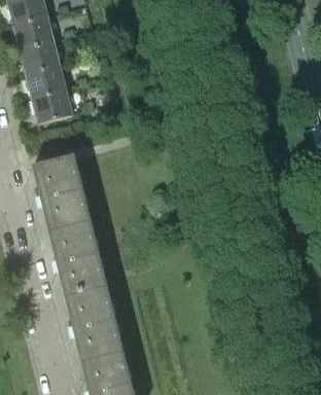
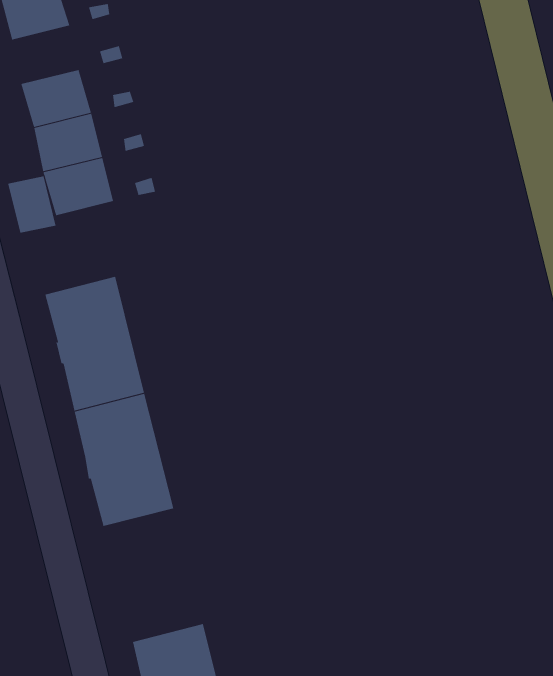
building: [13,14,51,47] -> none
building: none -> [8,176,56,234]
building: [65,286,121,361] -> none

